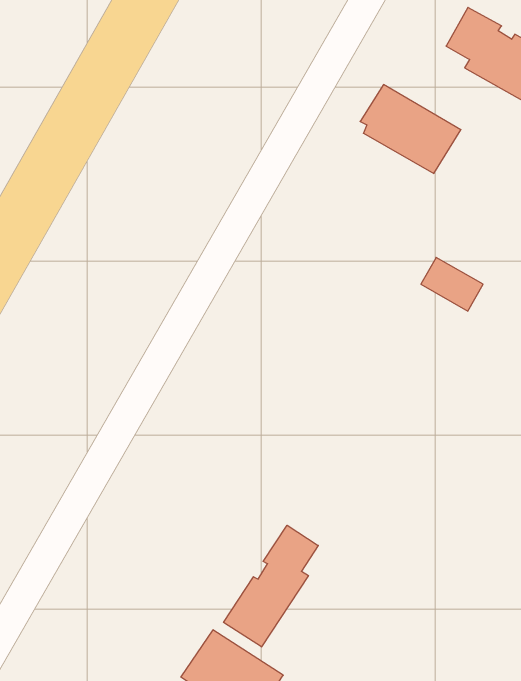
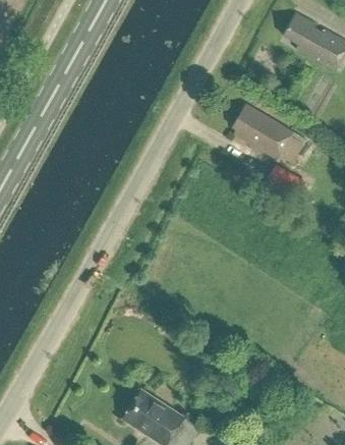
building: [360,85,461,173] -> [232,105,293,159]
building: [224,525,318,647] -> none

